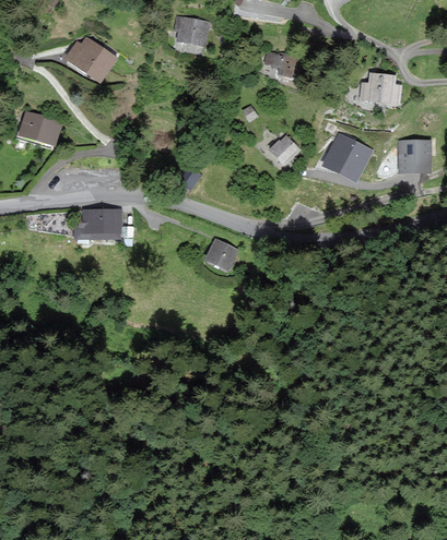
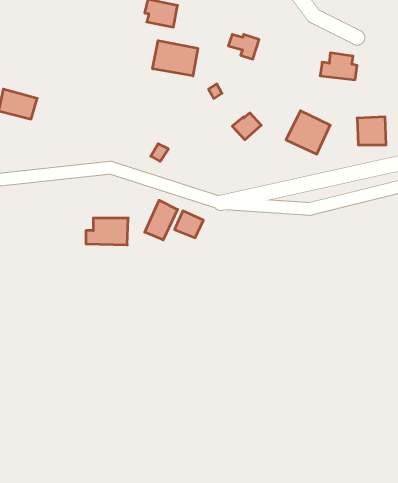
building: [67,38,115,80] -> none
building: none -> [153,41,198,76]
building: [75,211,120,239] -> [86,218,128,245]
building: none -> [145,200,178,240]

